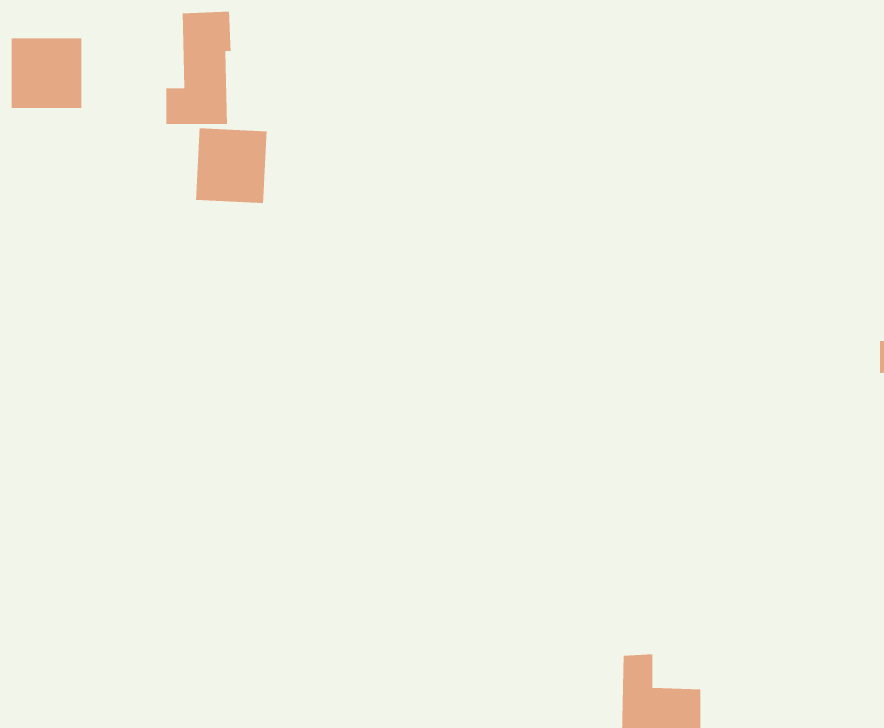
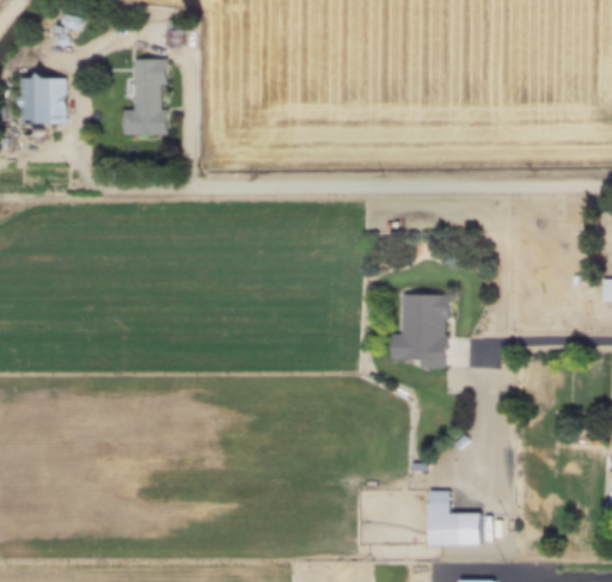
building: [195,127,267,204] -> none
building: none -> [391,294,449,367]

